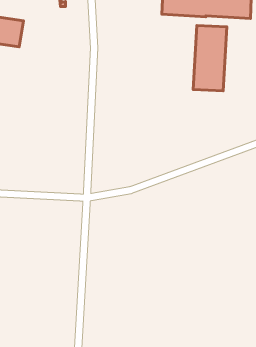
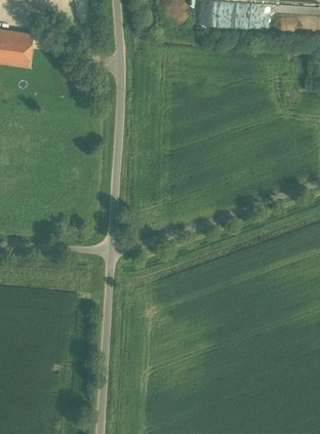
building: [193,25,227,91] -> none

